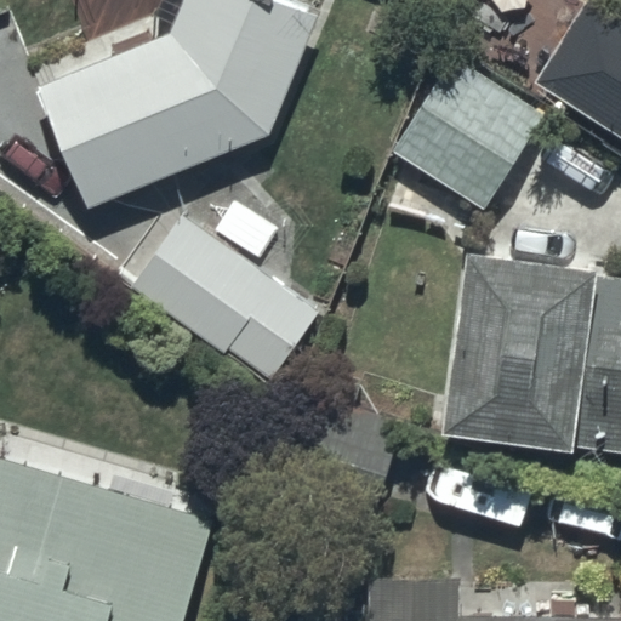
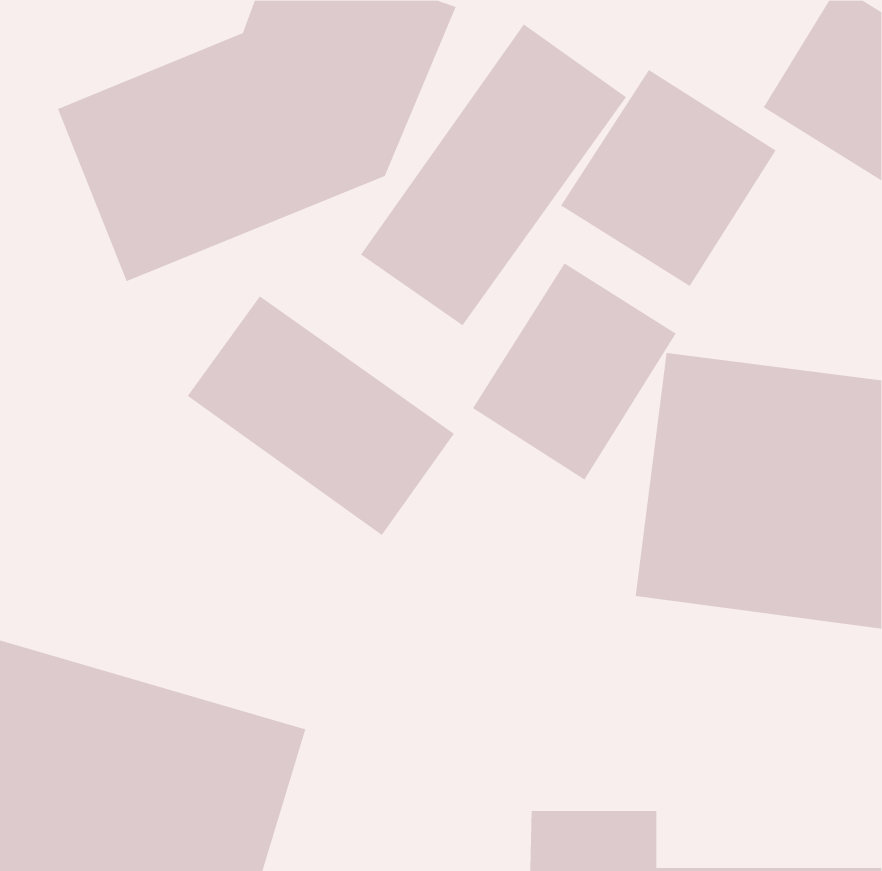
building: none -> [360,24,627,326]
building: none -> [472,263,676,480]

